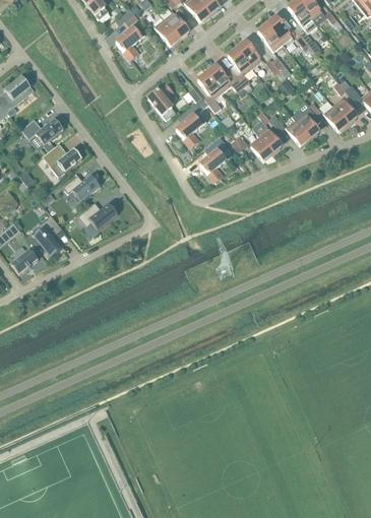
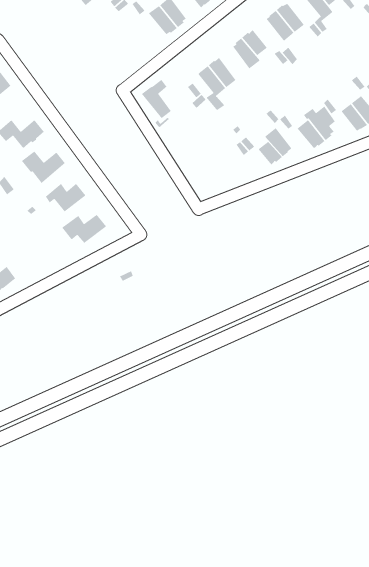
building: [116,24,144,59] -> none
building: [176,111,206,146] -> none
building: [199,149,225,181] -> none
building: [34,215,66,256] -> none

